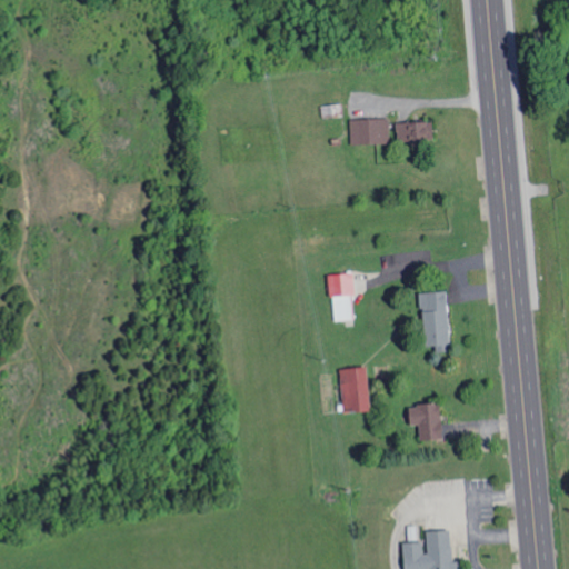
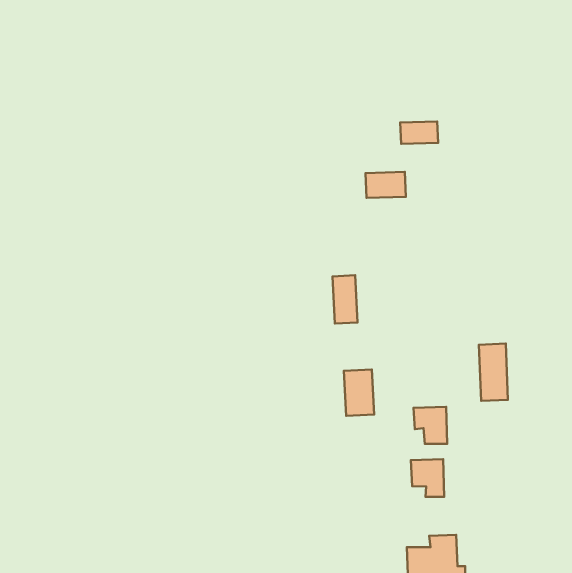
building: [349,119,389,144] -> [365,172,406,198]
building: [421,291,450,348] -> [479,344,508,401]
building: none -> [411,459,444,497]

